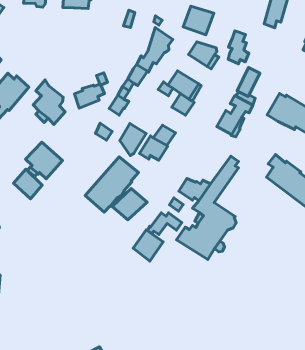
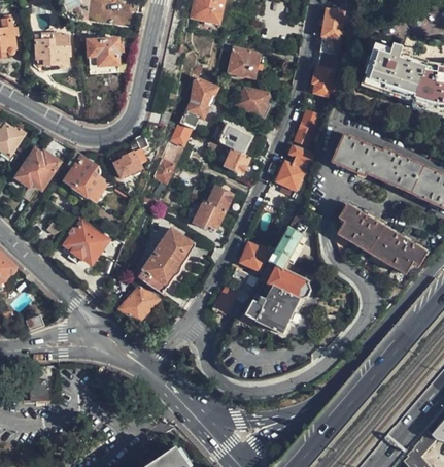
building: [228,31,249,64] -> [313,60,337,97]
building: [120,123,146,155] -> none
building: [13,169,42,199] -> none
building: [112,189,147,220] -> [118,286,158,322]
building: [133,230,163,261] -> none

